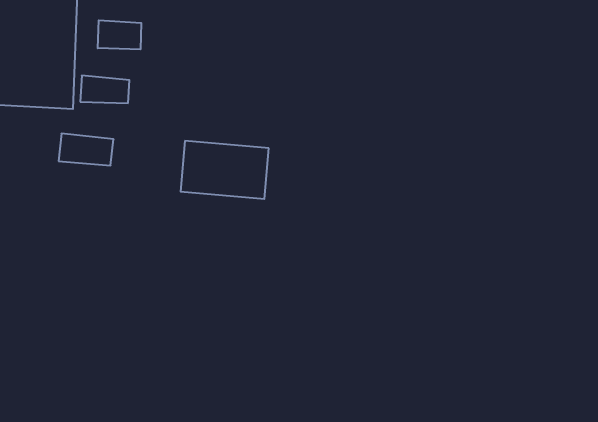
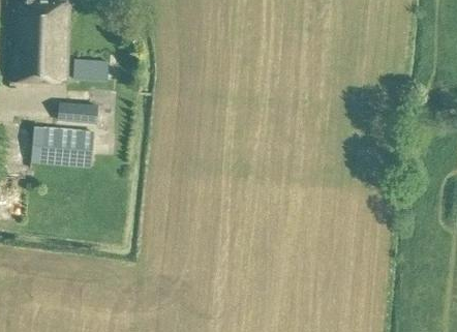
building: [98,20,141,49] -> none
building: [181,141,269,199] -> [31,125,94,167]

